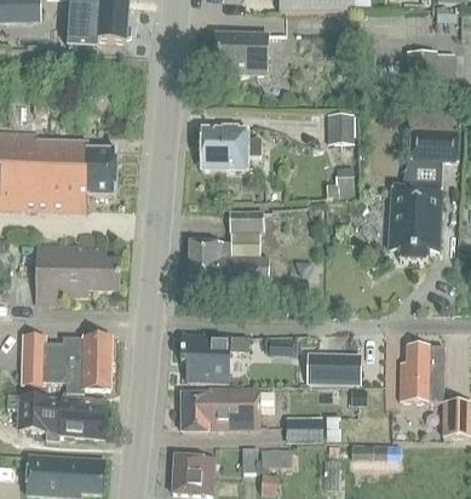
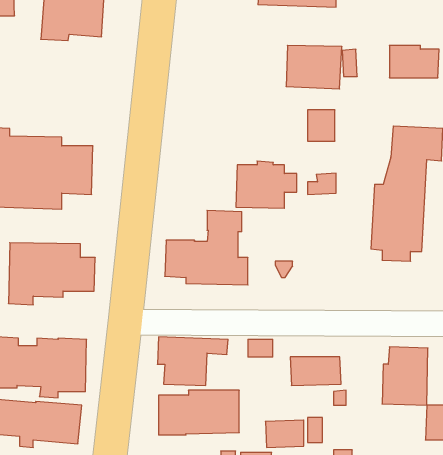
building: [213,33,268,75] -> [286,45,342,89]
building: [200,124,259,170] -> [236,161,297,208]

